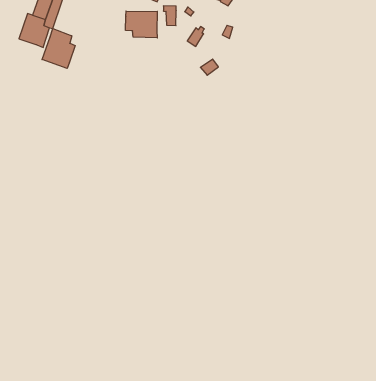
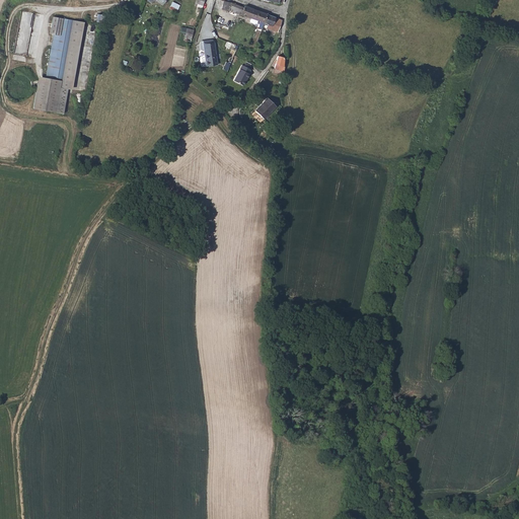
building: [126,11,157,38] -> none
building: [42,28,75,68] -> none

